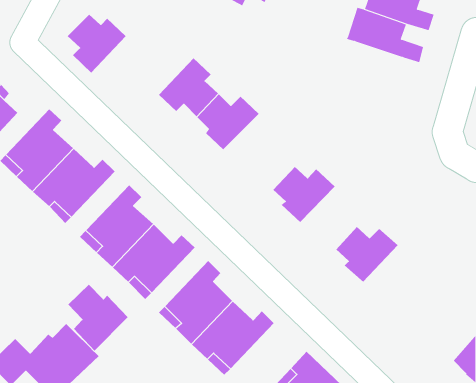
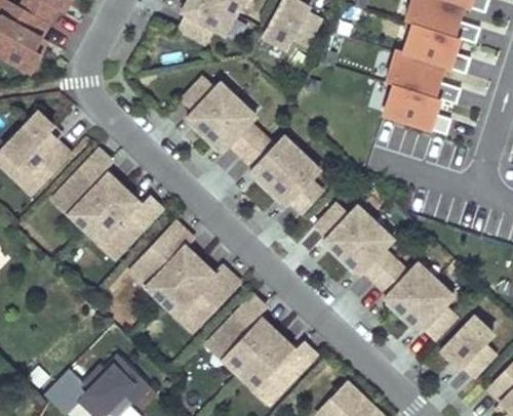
building: [67,14,126,73] -> [181,77,238,134]
building: none -> [383,83,450,134]
building: none -> [267,153,321,212]
building: none -> [341,222,395,283]
building: none -> [401,279,456,339]
building: none -> [439,316,498,376]
building: [67,284,128,351] -> none

